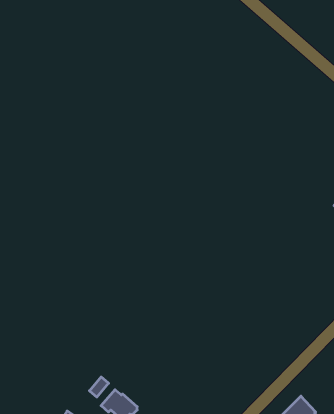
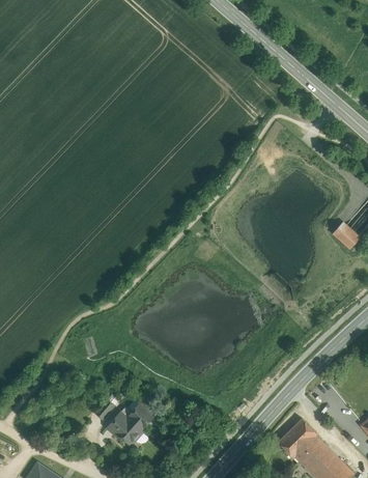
building: none -> [120,400,153,429]

